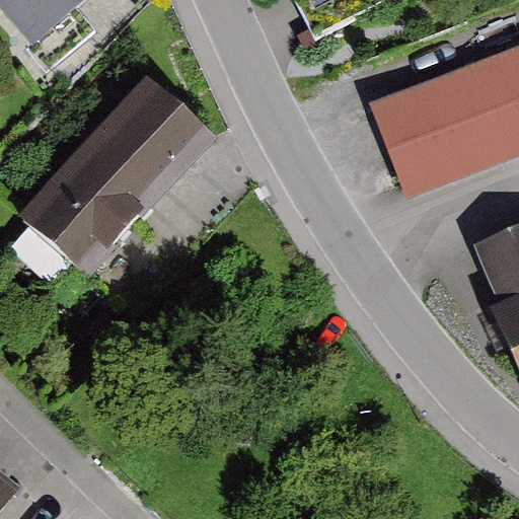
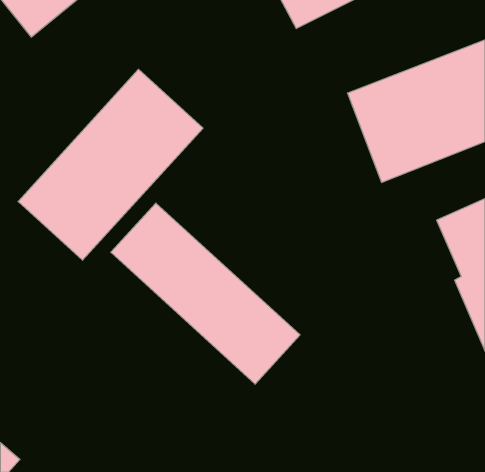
building: none -> [111,203,300,384]

